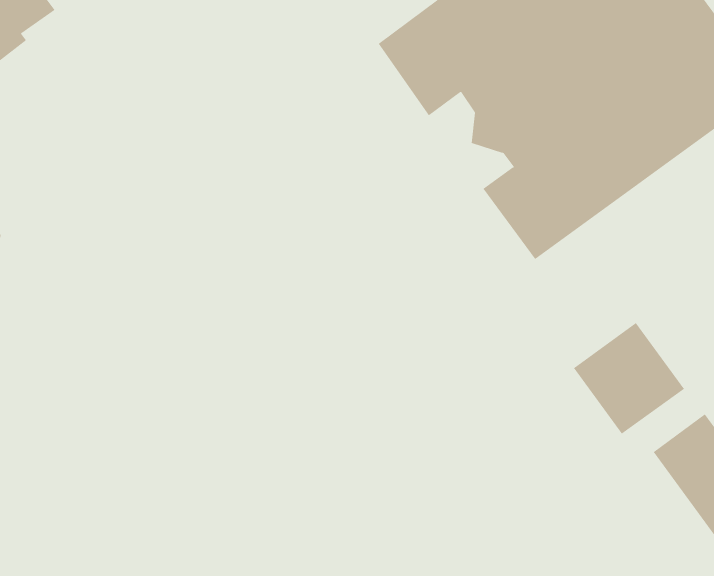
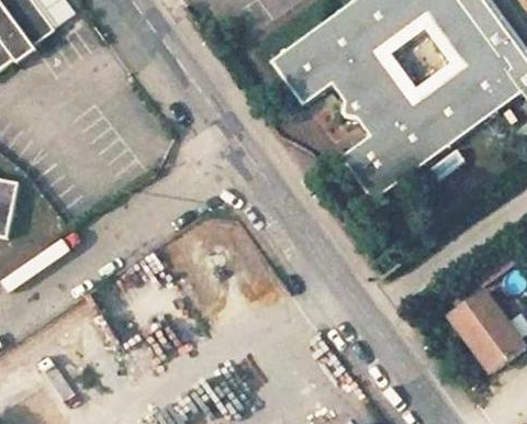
building: [573,322,685,434] -> none

